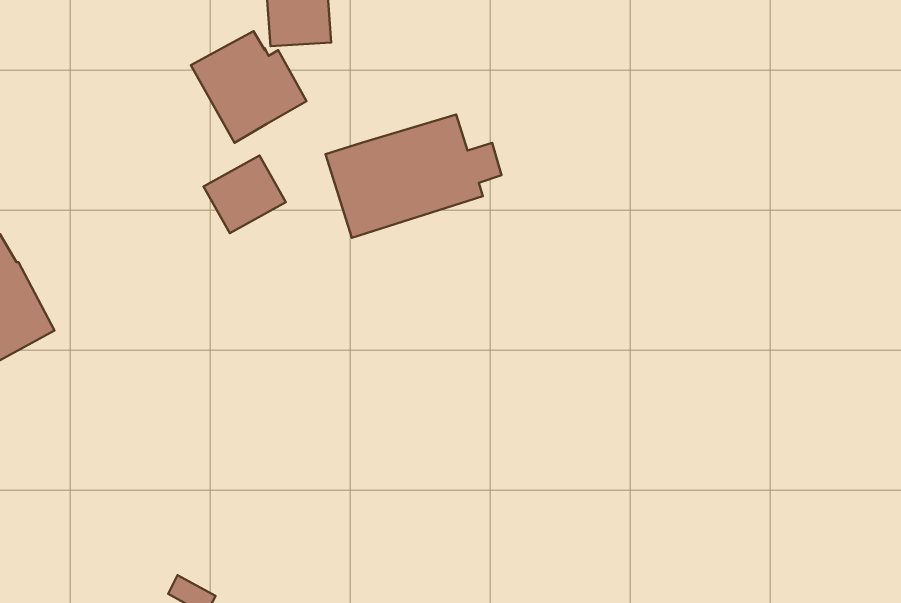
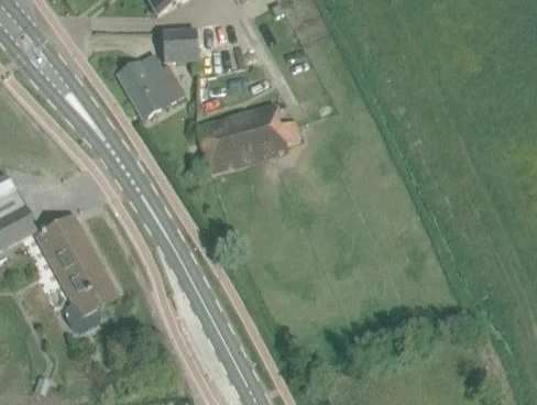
building: [203,156,286,233] -> none
building: none -> [35,214,118,331]

